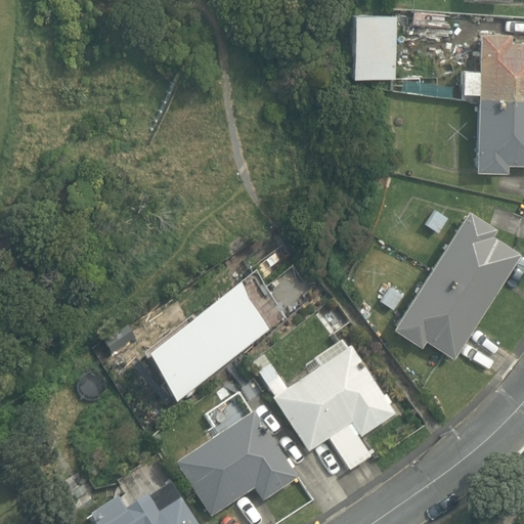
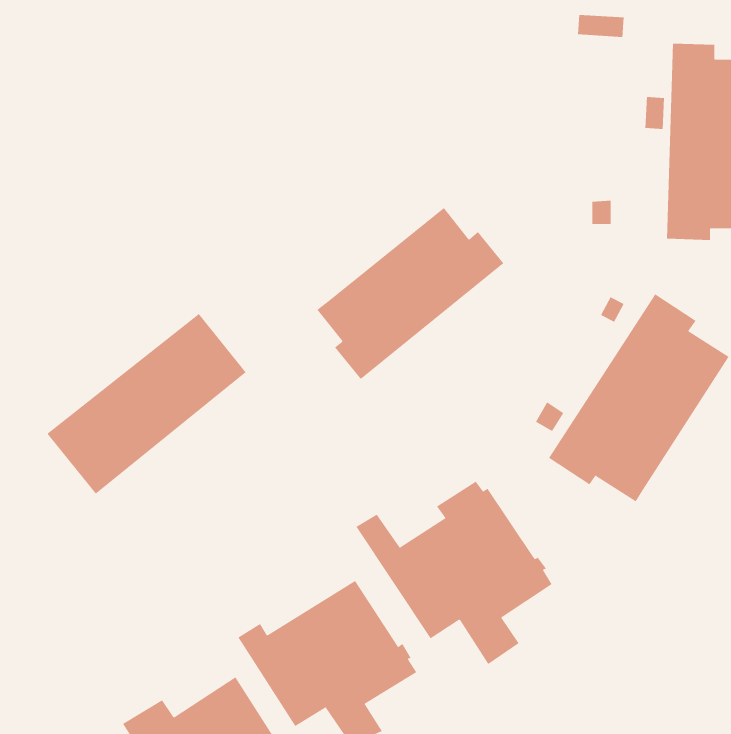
building: [353,15,398,79] -> none
building: none -> [317,207,504,380]
building: [142,272,285,401] -> [47,313,247,494]

